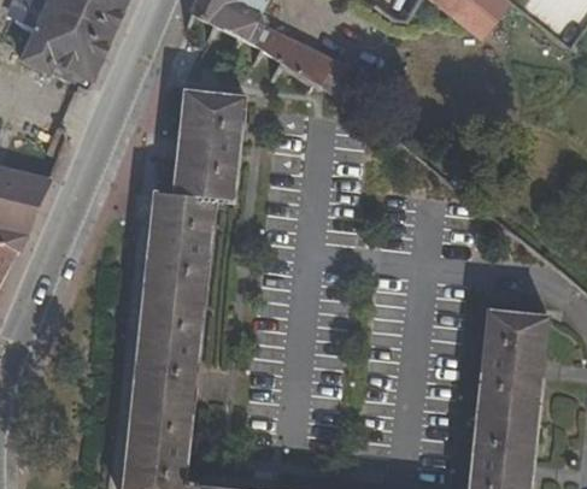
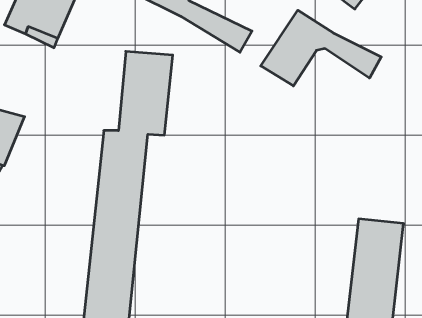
building: none -> [261,10,381,86]

